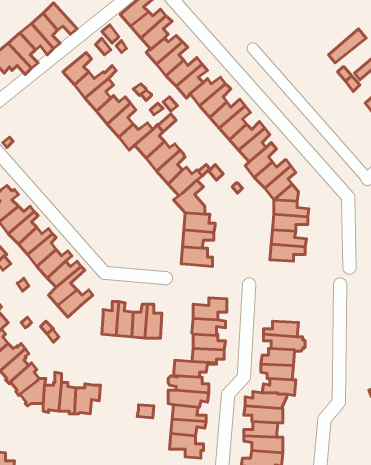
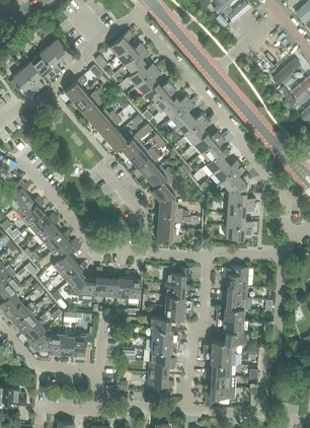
building: none -> [221,267,248,286]
building: none -> [68,272,95,300]

